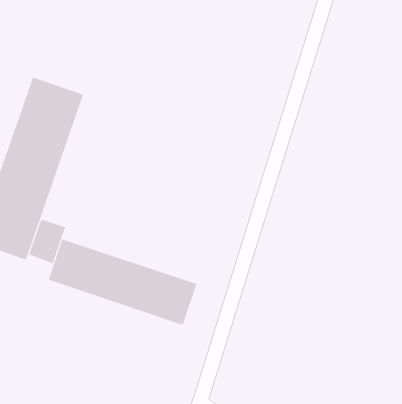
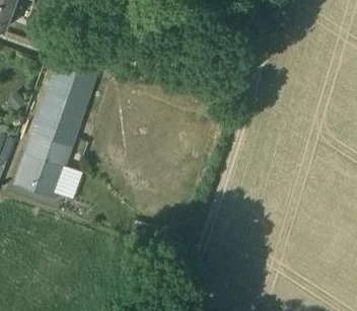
building: [48,238,197,325] -> none

